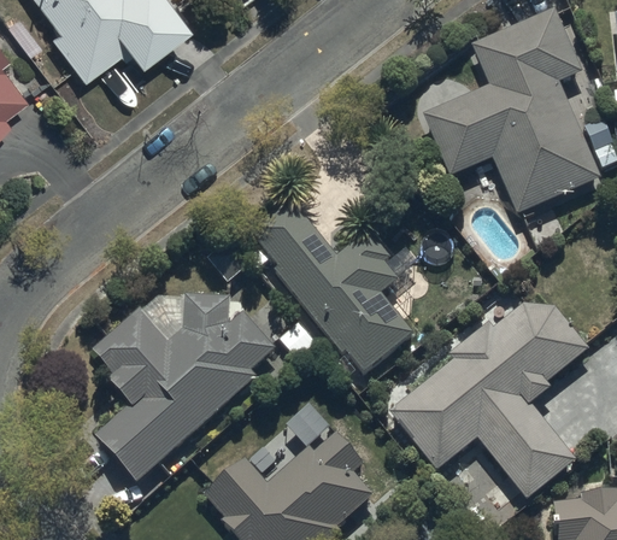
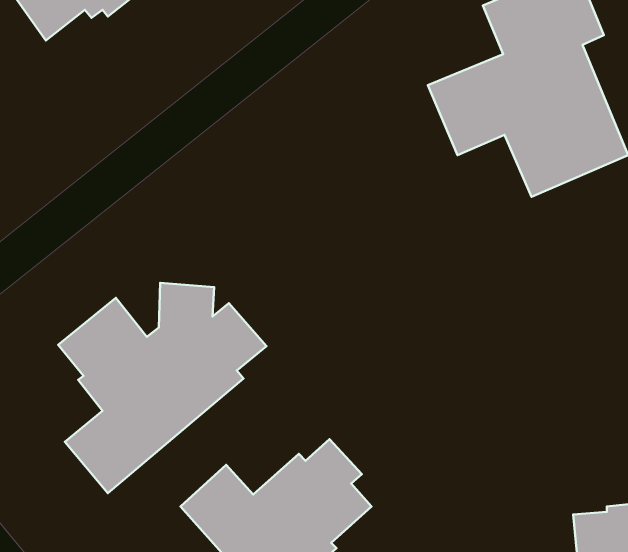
building: [249,198,412,371] -> none
building: [384,303,587,499] -> none

